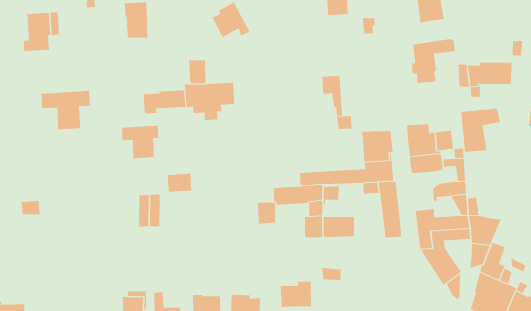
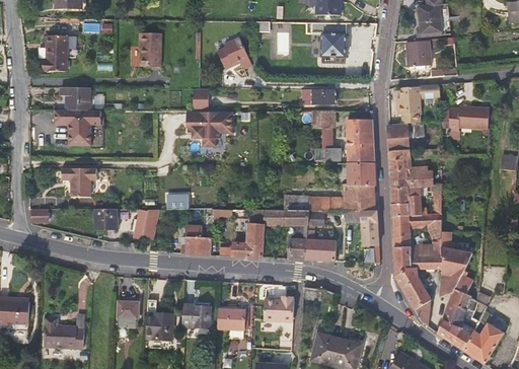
building: none -> [301,88,335,104]
building: none -> [60,87,90,109]
building: none -> [347,119,375,164]
building: [143,89,186,114] -> none
building: [460,108,501,152] -> [388,122,425,160]
building: [121,125,159,159] -> [62,168,96,198]
building: none -> [391,204,427,239]
building: none -> [94,208,118,228]
building: none -> [181,225,213,254]
building: none -> [232,242,264,256]

